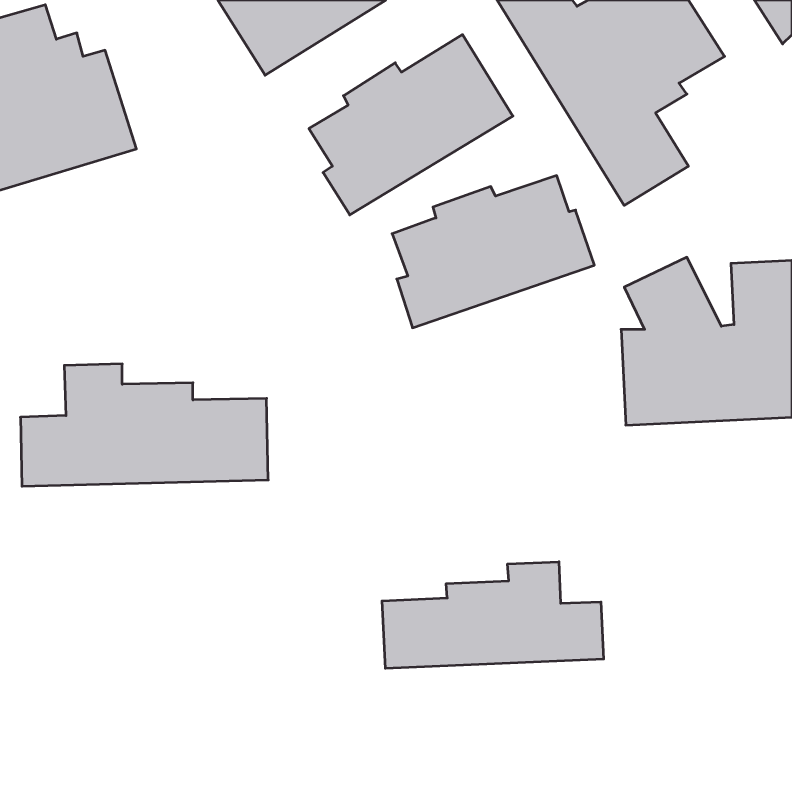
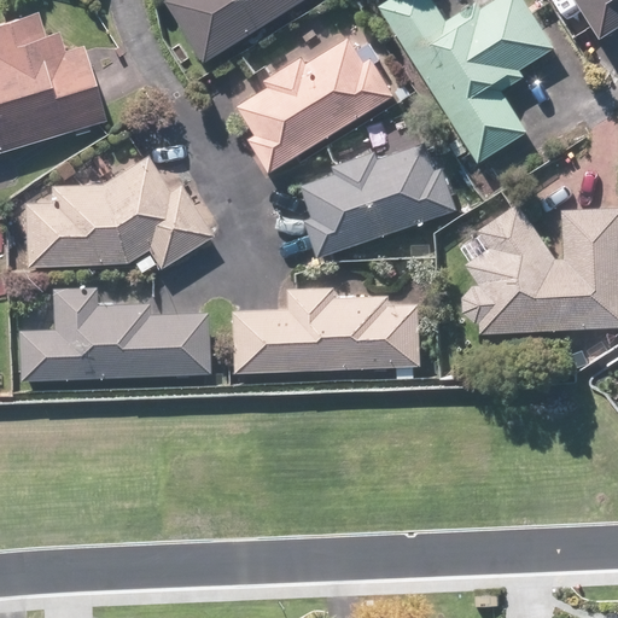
building: none -> [22,156,214,272]
building: none -> [226,287,422,375]
building: [382,562,604,668] -> none

